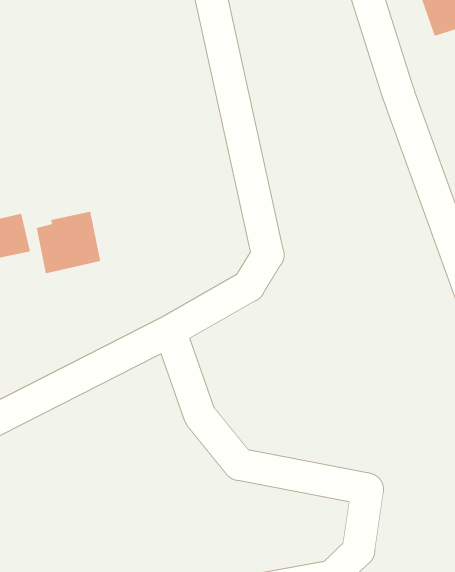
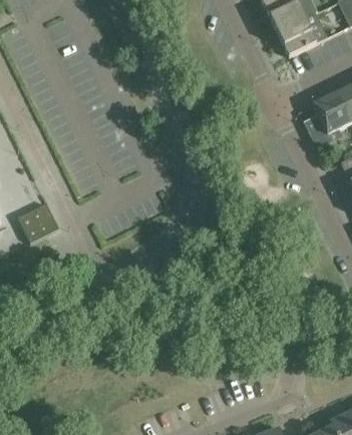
building: [36,211,101,274] -> none

